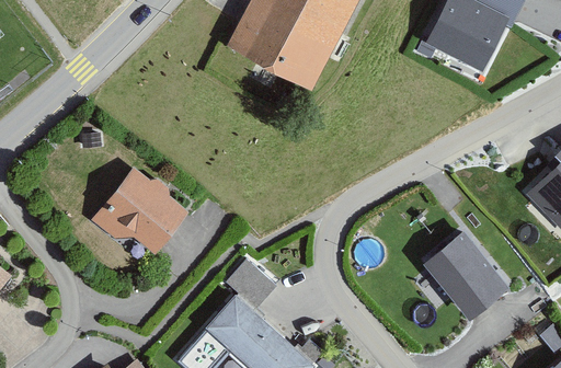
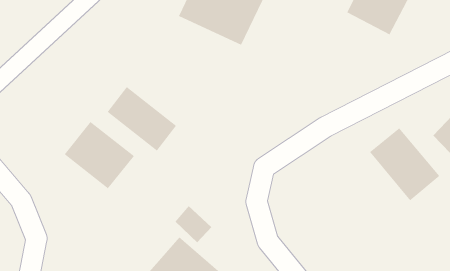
building: none -> [107,86,177,151]
building: [426,228,508,313] -> [369,127,440,201]

